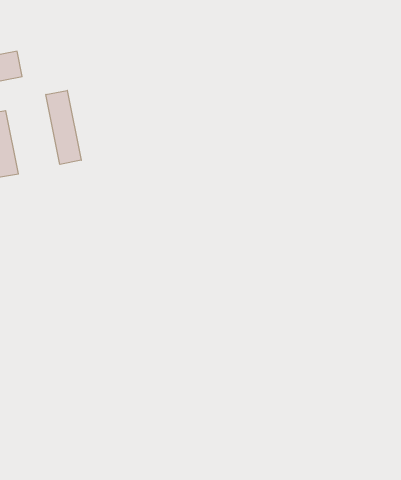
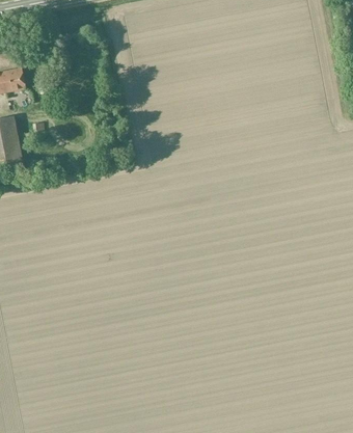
building: [46,90,81,164] -> none

